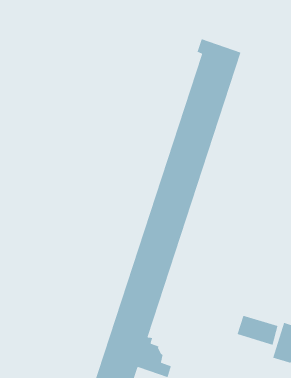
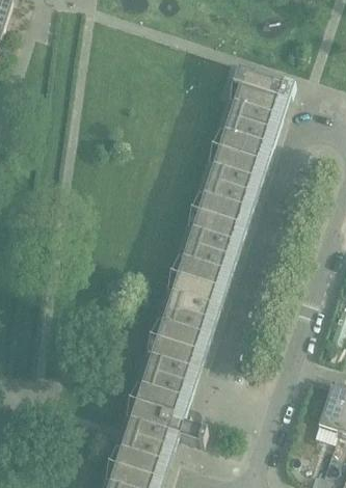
building: [237,315,278,346] -> none

